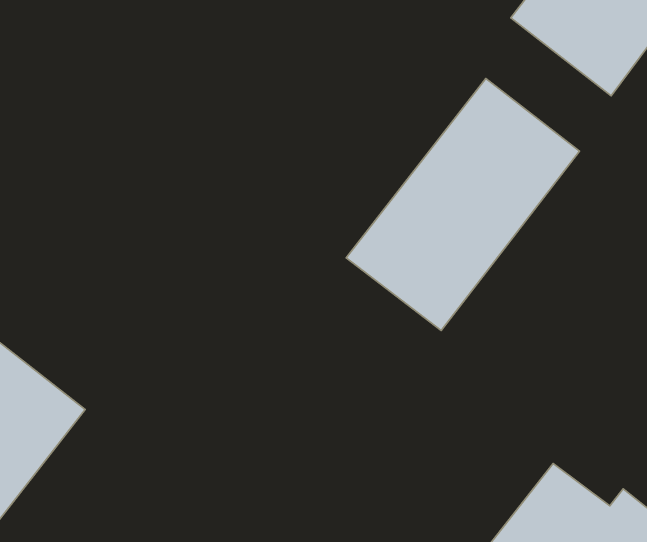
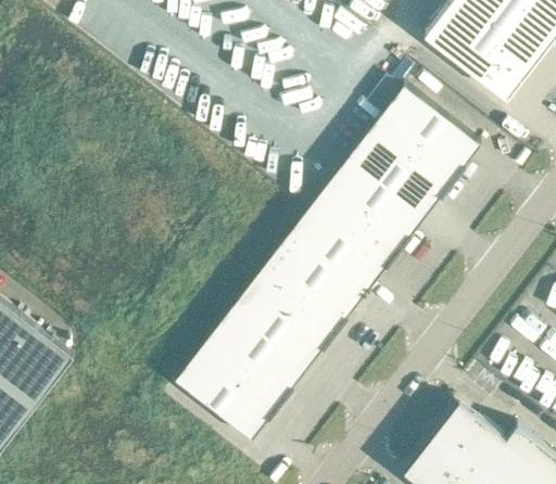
building: none -> [174,232,366,440]

